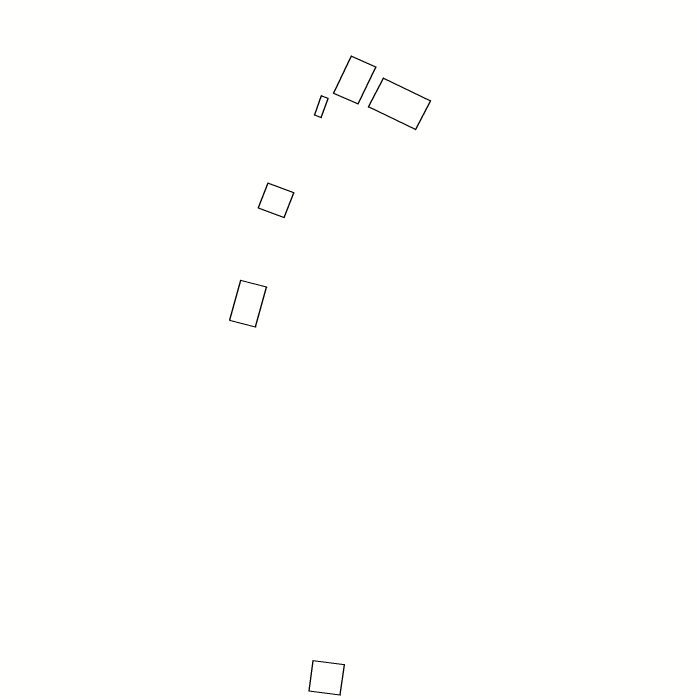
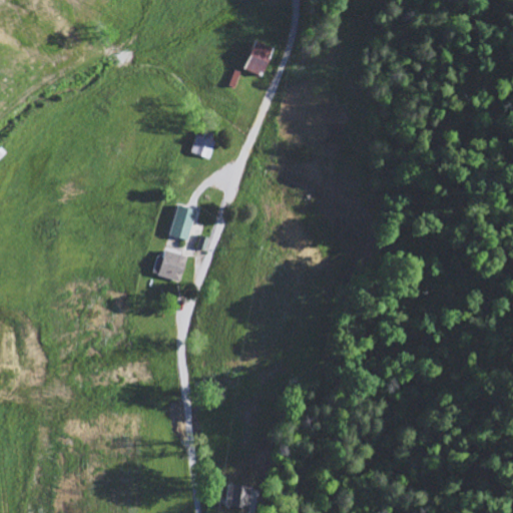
building: [368,78,430,130] -> none
building: none -> [151,250,186,281]

